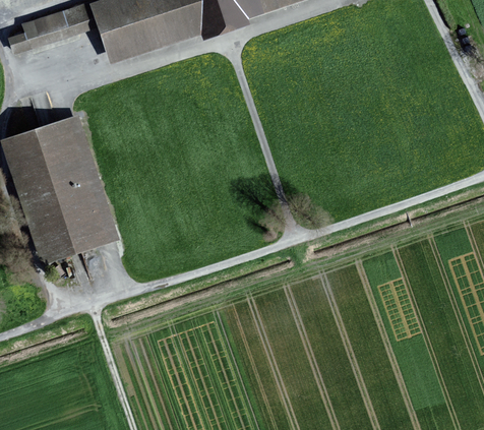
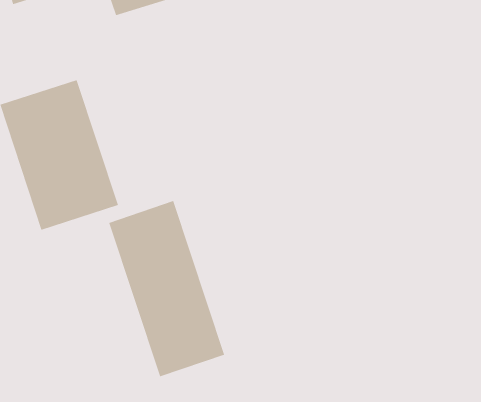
building: none -> [108,200,225,377]

